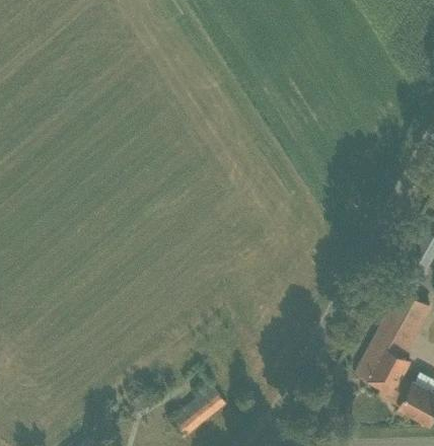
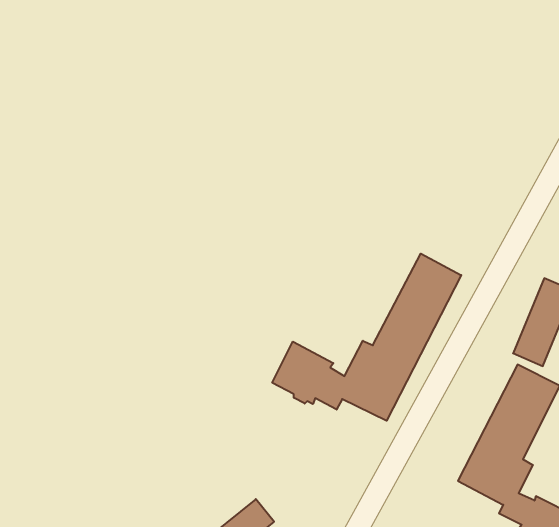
building: none -> [272,254,461,421]

